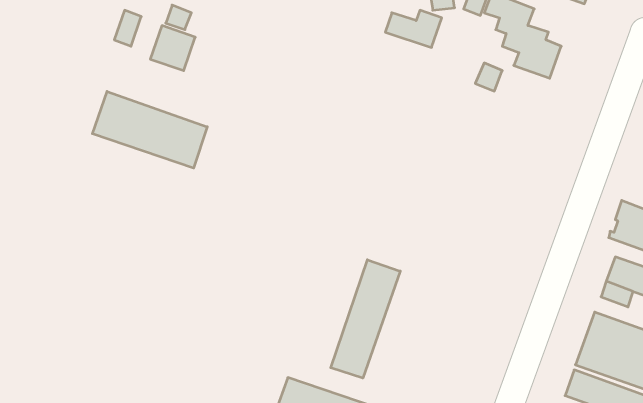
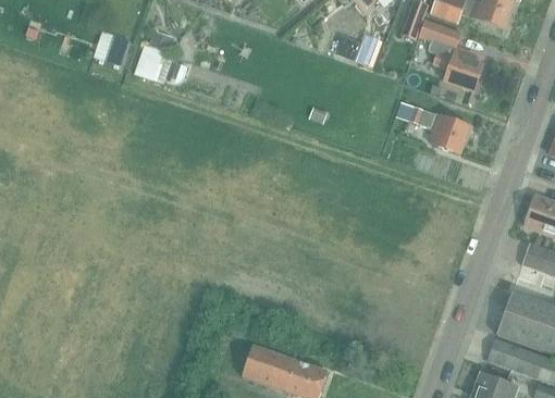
building: none -> [395,100,468,152]
building: [92,91,207,168] -> none
building: [331,260,400,378] -> none

